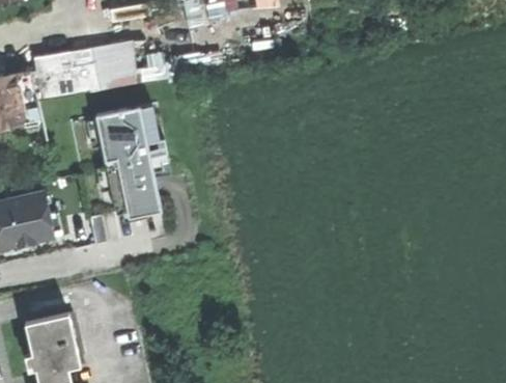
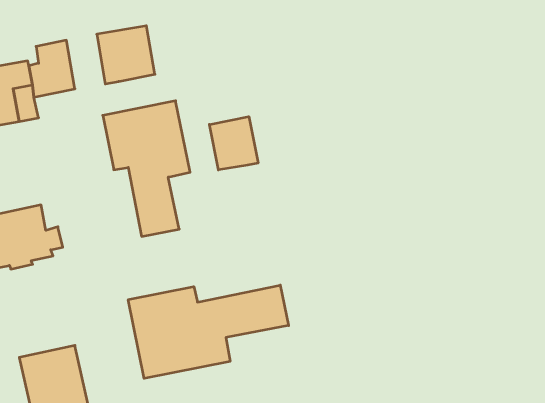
building: [63,47,96,93] -> none
building: none -> [209,117,258,170]
building: none -> [128,285,289,378]

